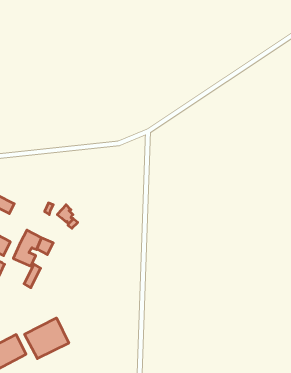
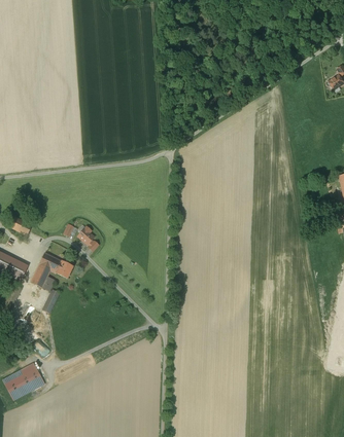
building: [25,318,69,359] -> none

